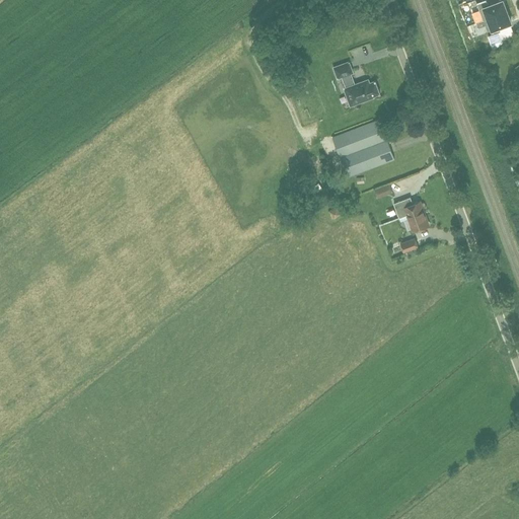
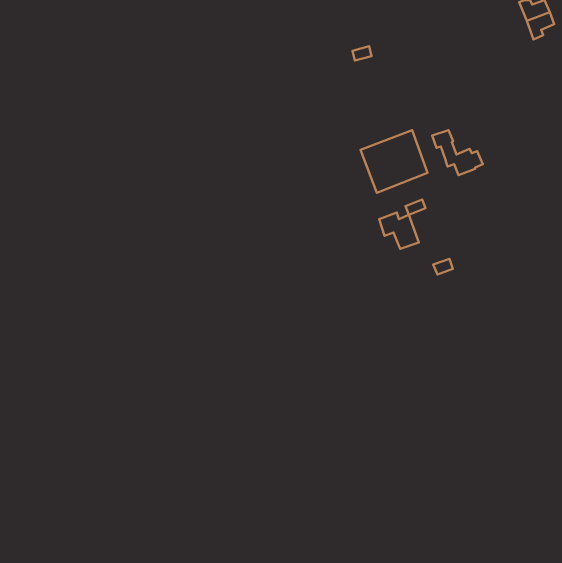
building: [332,62,379,103] -> [432,130,483,175]
building: [392,198,429,231] -> [379,213,419,249]

